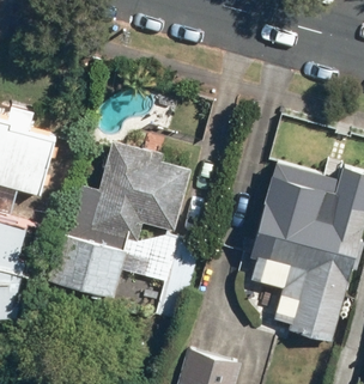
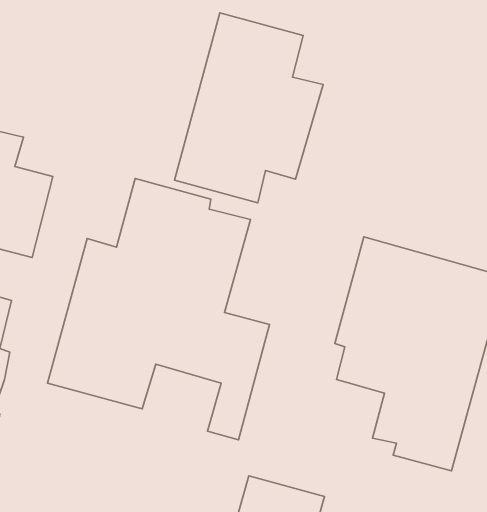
building: none -> [174,13,323,203]

